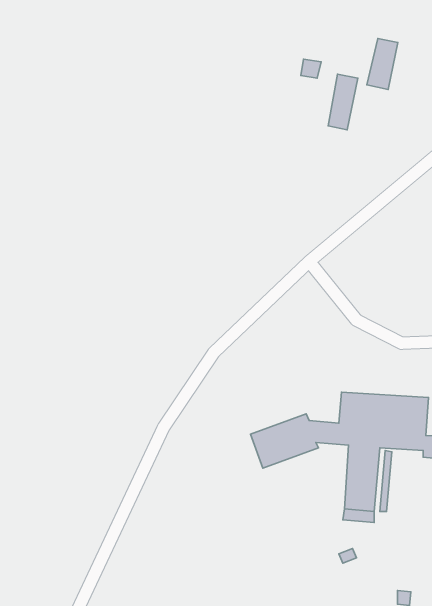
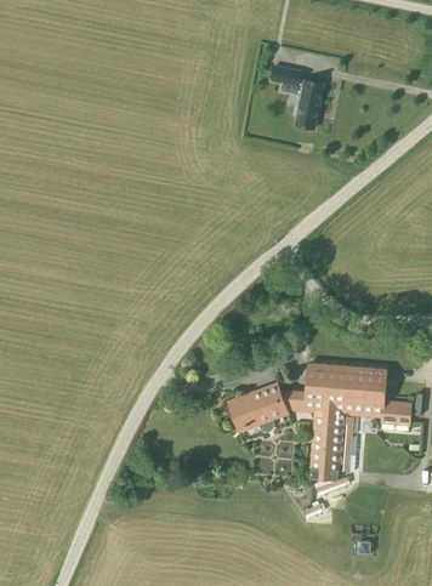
building: [367,38,398,90] -> none

